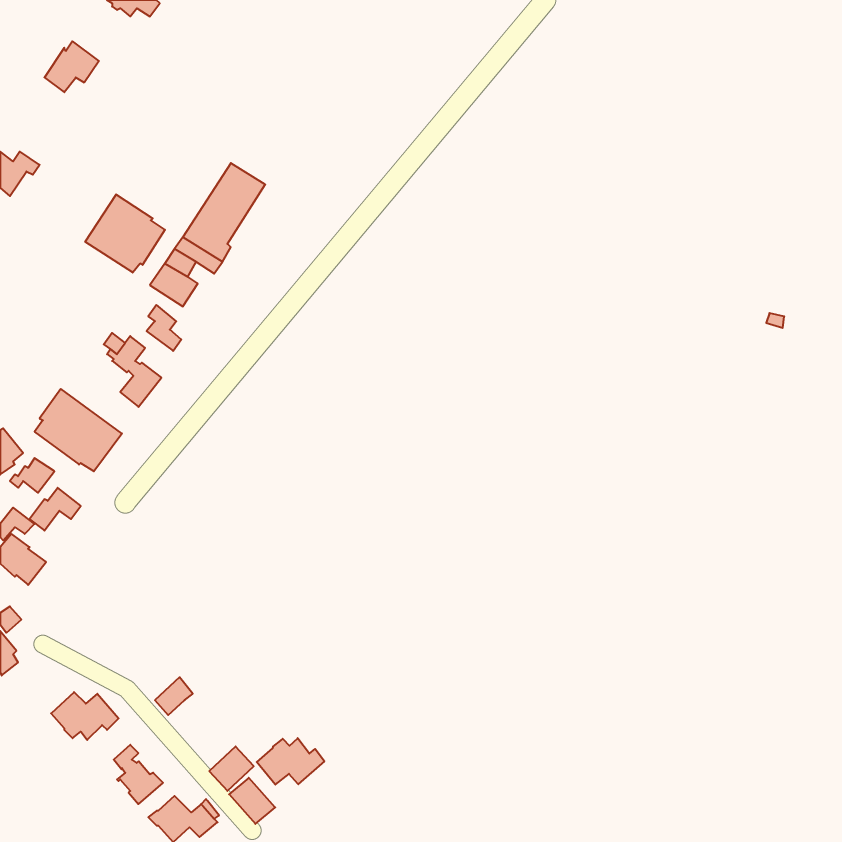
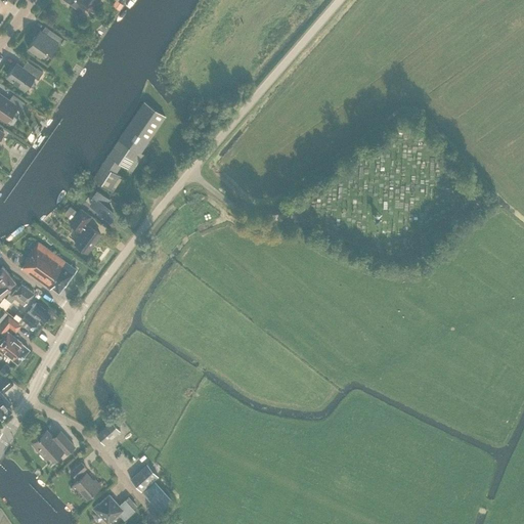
building: none -> [7,63,43,90]
building: [85,194,165,273] -> none
building: [257,738,324,785] -> none

